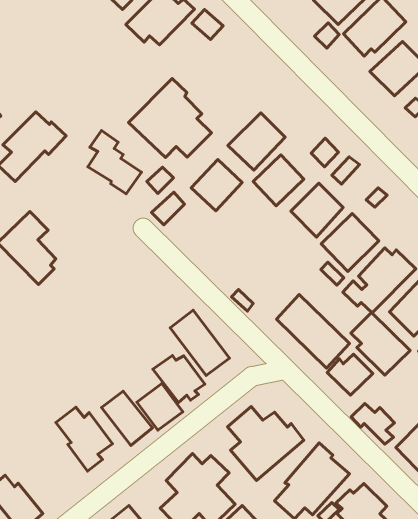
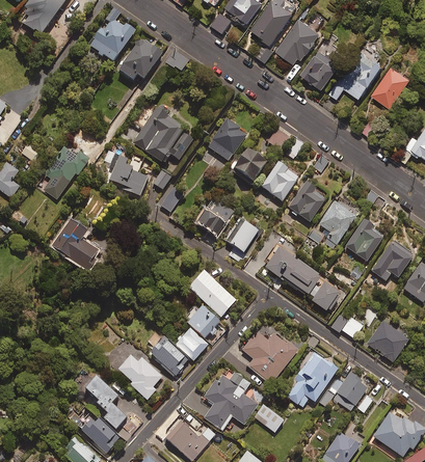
building: [191,160,242,211] -> [196,198,233,236]
building: none -> [225,218,258,252]
building: [351,312,410,375] -> none
building: none -> [83,374,126,428]

